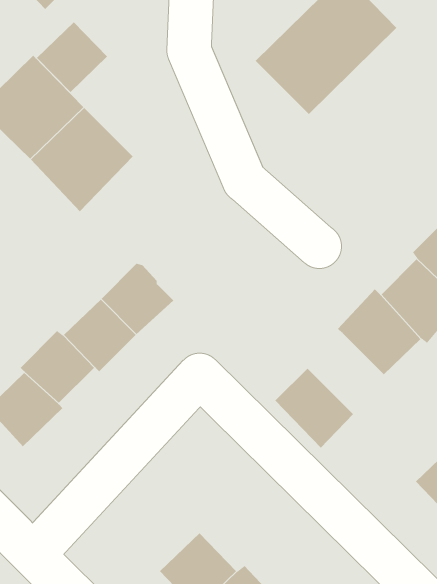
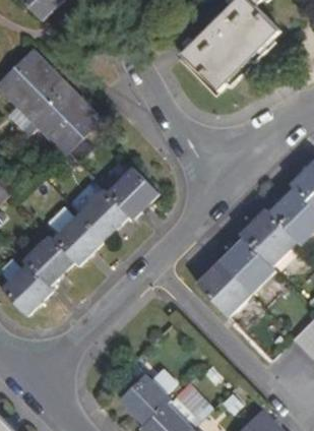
building: [36,21,108,93] -> none
building: none -> [107,169,158,220]
building: none -> [218,239,272,294]

